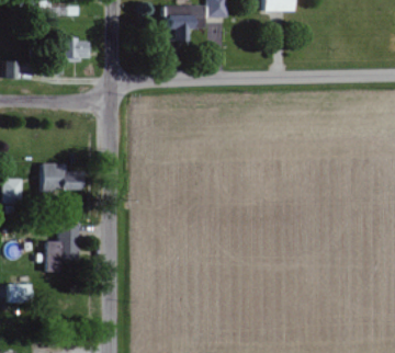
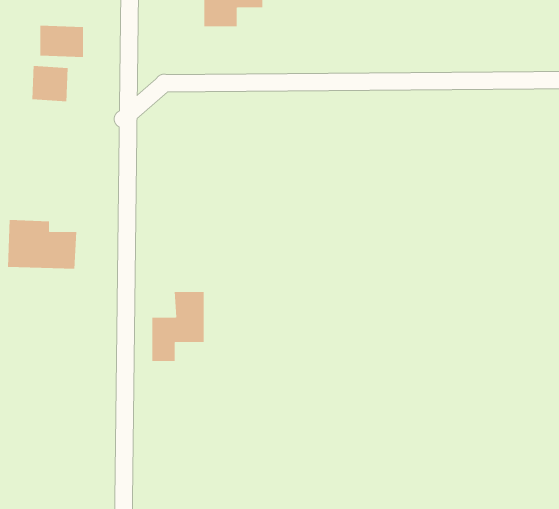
building: none -> [32,65,68,102]
building: [45,226,79,271] -> [152,291,204,361]

